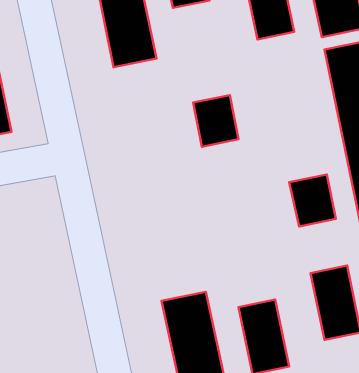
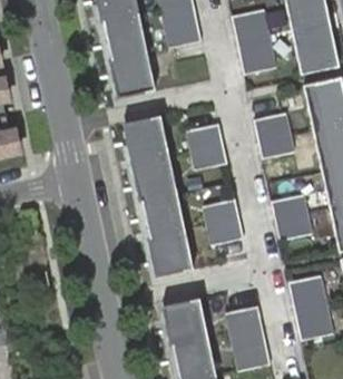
building: none -> [255,113,295,158]
building: none -> [124,116,189,278]
building: none -> [203,198,244,244]

